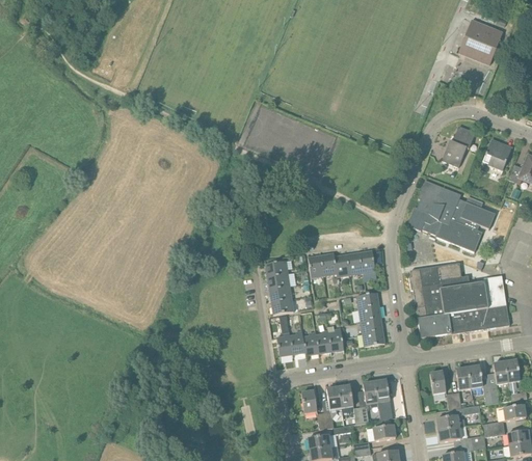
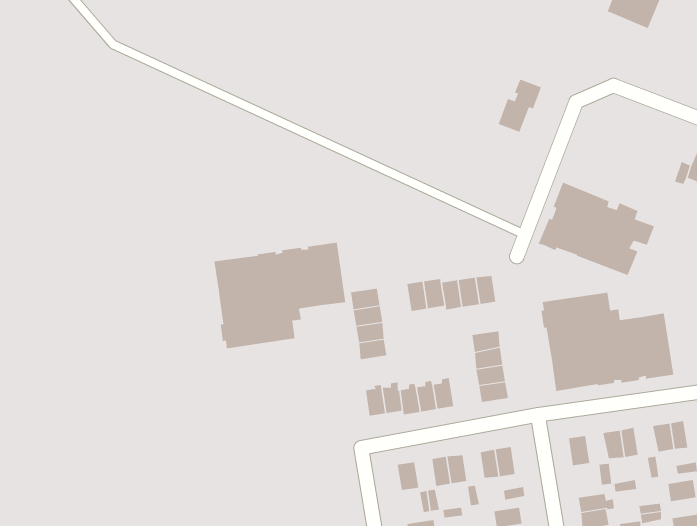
building: [443,126,476,166] -> [498,79,542,133]
building: [483,139,512,169] -> none
building: none -> [214,242,346,349]

